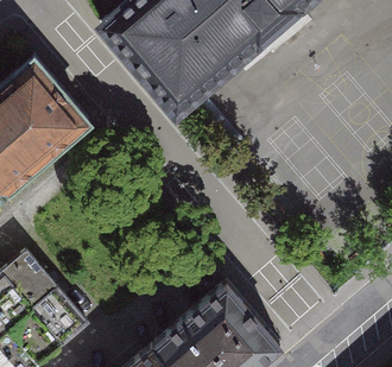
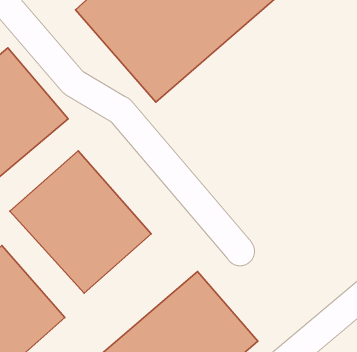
building: none -> [10,151,151,293]

